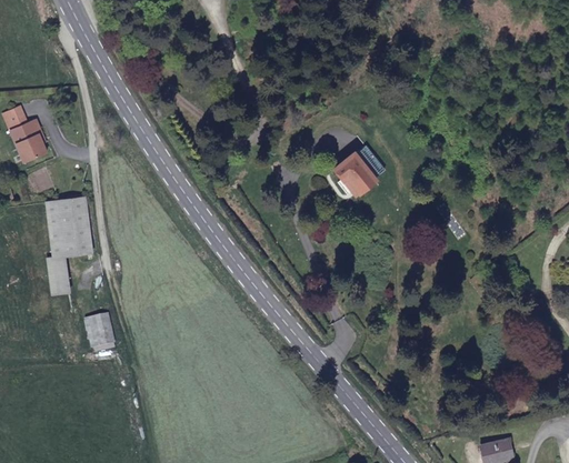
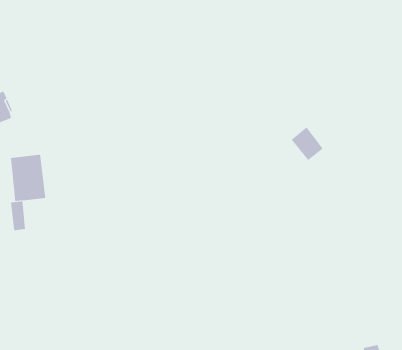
building: [335,152,376,195] -> [291,127,324,161]
building: [86,315,113,349] -> none

